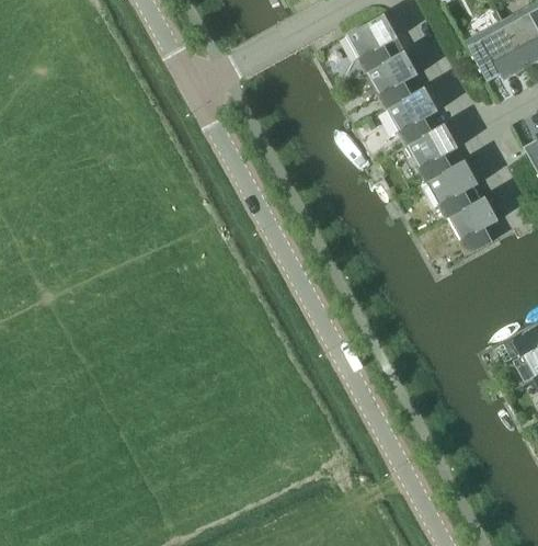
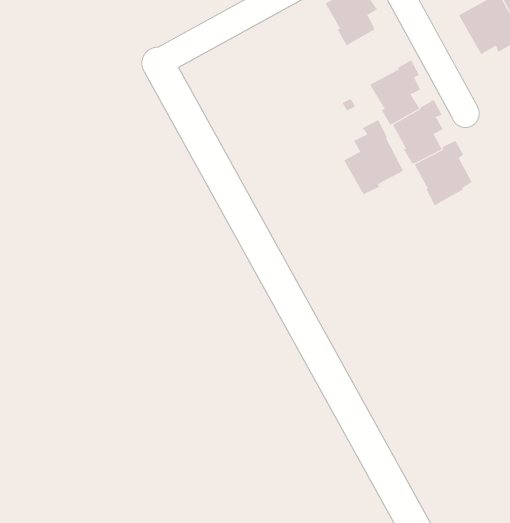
building: [367,49,414,110] -> none
building: none -> [343,119,404,195]
building: [448,195,494,255] -> none

